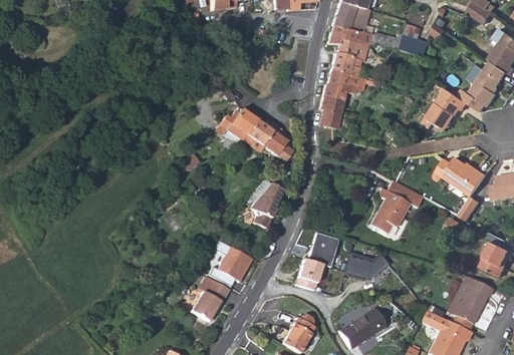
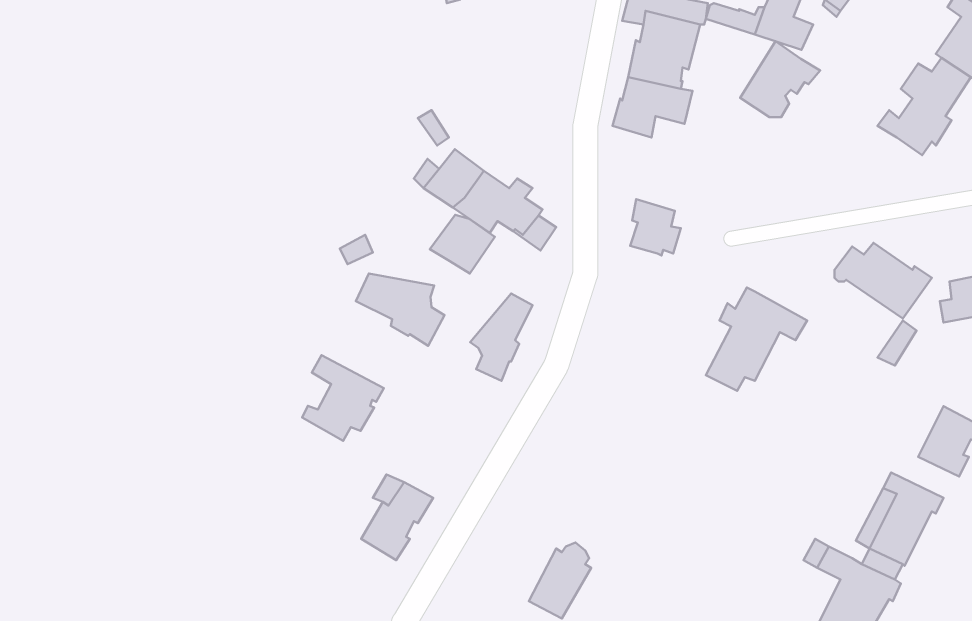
building: [429,88,470,127] -> [740,41,820,117]
building: [320,97,346,126] -> [630,199,681,256]
building: none -> [430,215,495,273]
building: none -> [356,273,445,346]
building: [295,235,337,287] -> none
building: [211,243,253,287] -> [302,355,384,441]
building: [345,254,389,281] -> none
building: [339,308,386,348] -> none

